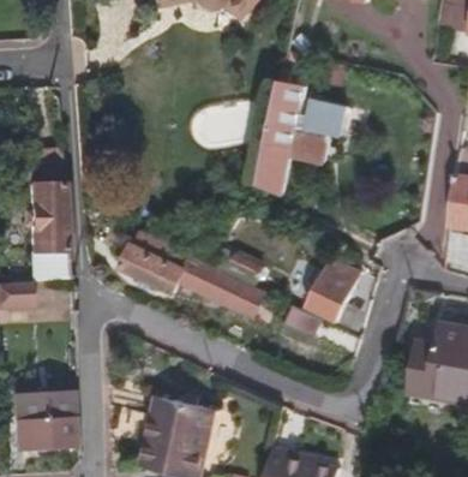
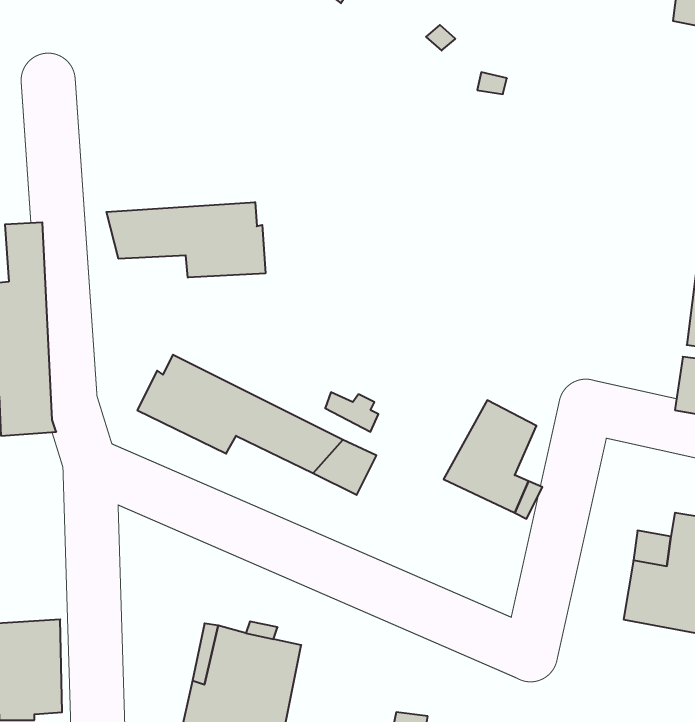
building: [257,65,346,196] -> none
building: none -> [106,202,265,278]

